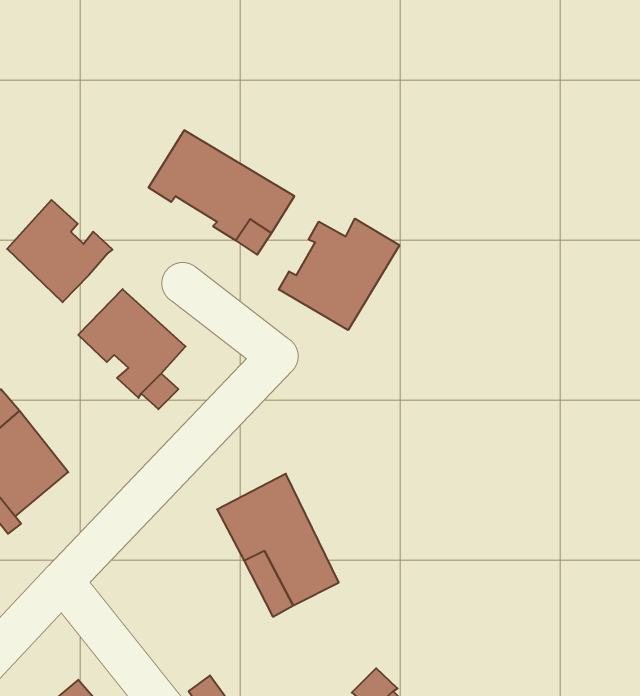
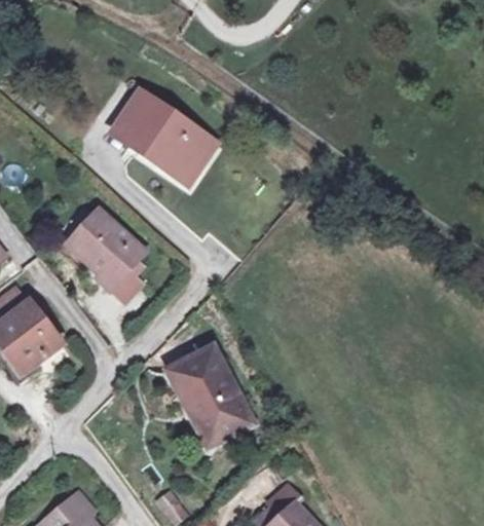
building: [7,200,112,302] -> none
building: [279,219,399,330] -> none

